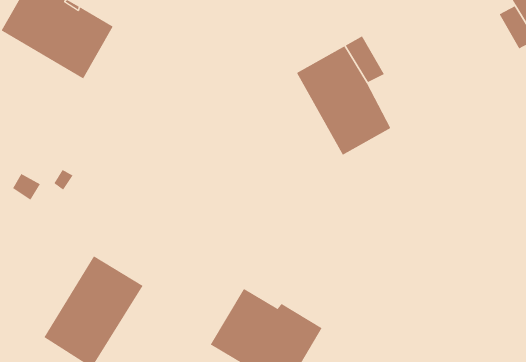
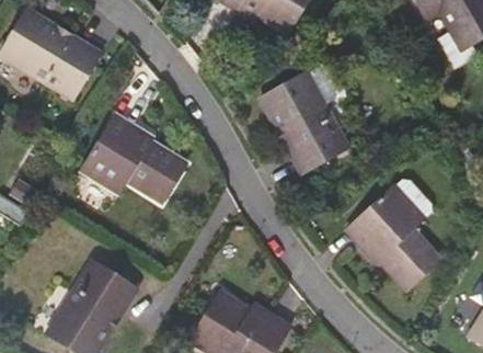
building: none -> [82,113,185,201]
building: none -> [346,184,440,286]

